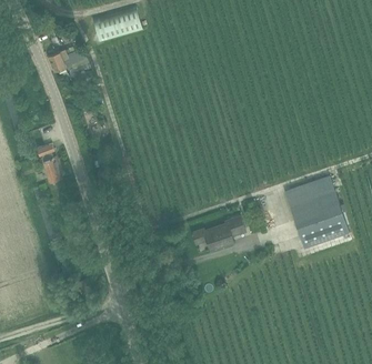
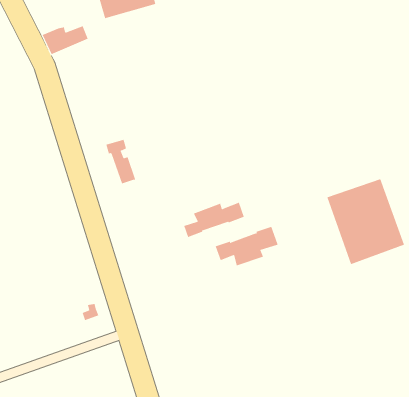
building: [37,143,62,181] -> [106,139,136,184]
building: none -> [184,202,244,238]

